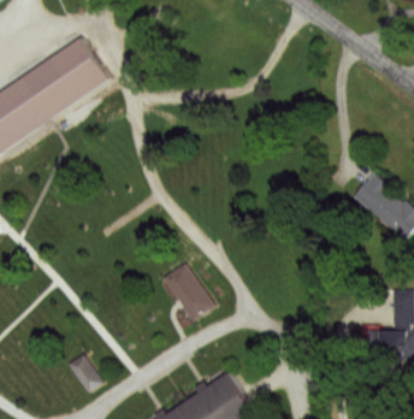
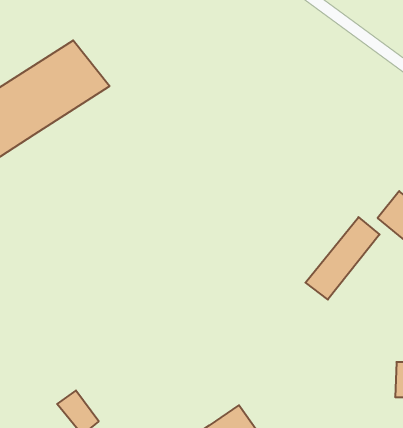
building: none -> [305,217,380,300]
building: [161,260,215,318] -> none

